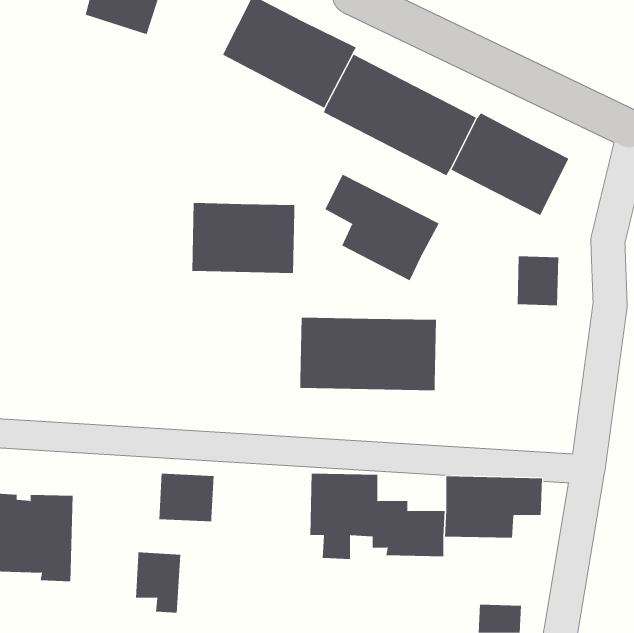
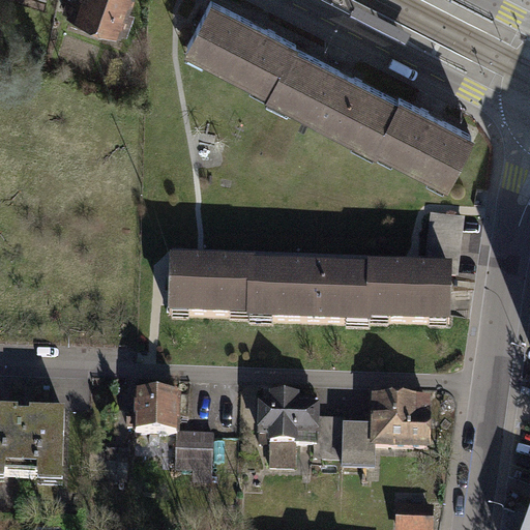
building: [325,174,440,281] -> none
building: [192,202,295,274] -> [164,256,249,315]
building: none -> [361,261,449,320]
building: [135,552,181,613] -> [174,430,212,480]

